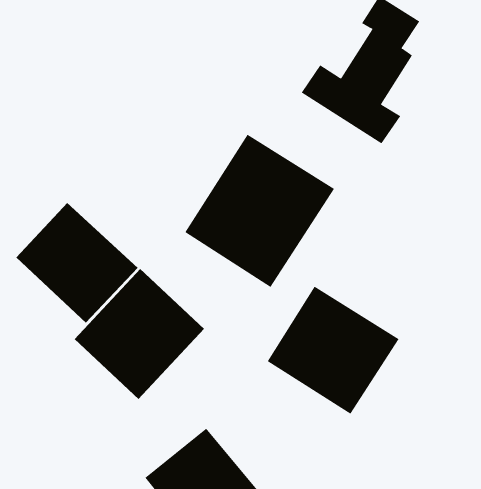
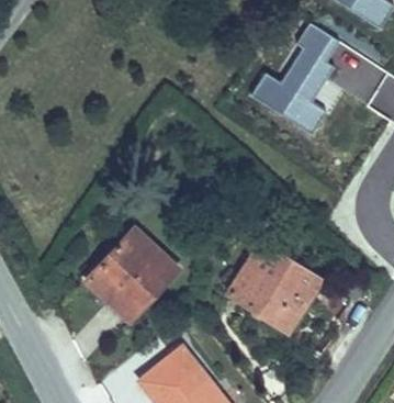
building: [184,134,335,288] -> none
building: [16,202,139,323] -> none

